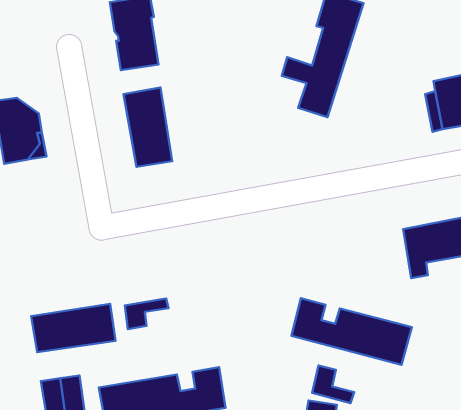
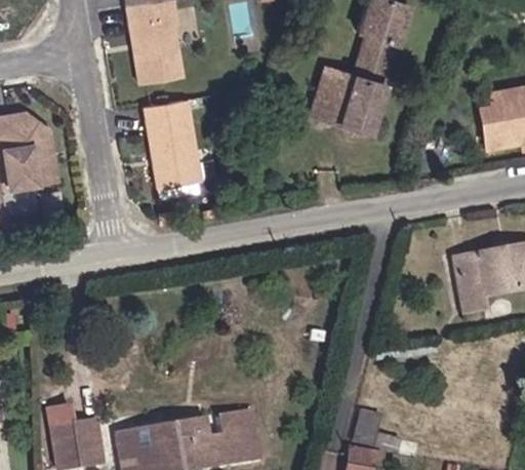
building: none -> [311,86,347,122]
building: [291,298,412,365] -> none
building: [125,299,169,329] -> none
building: [31,304,115,352] -> none

